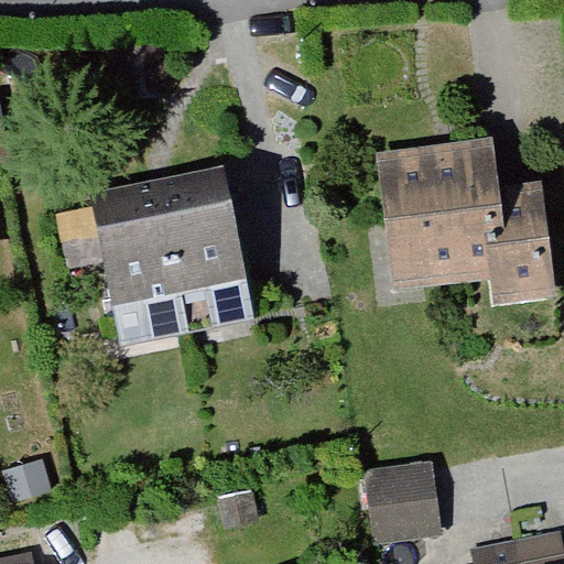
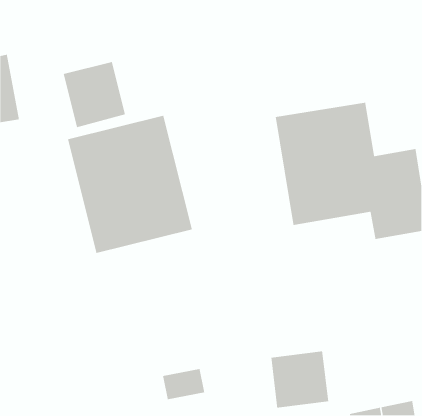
building: none -> [63,61,126,128]

